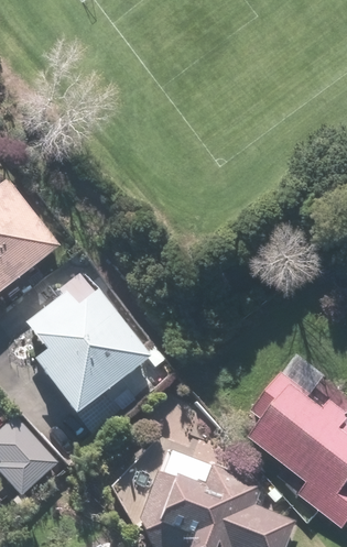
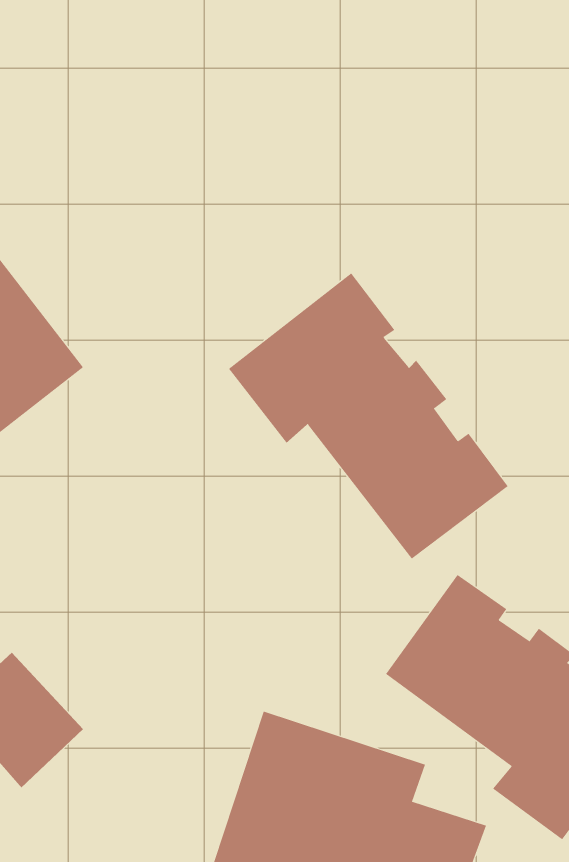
building: none -> [228,273,508,560]
building: [17,289,143,416] -> none

